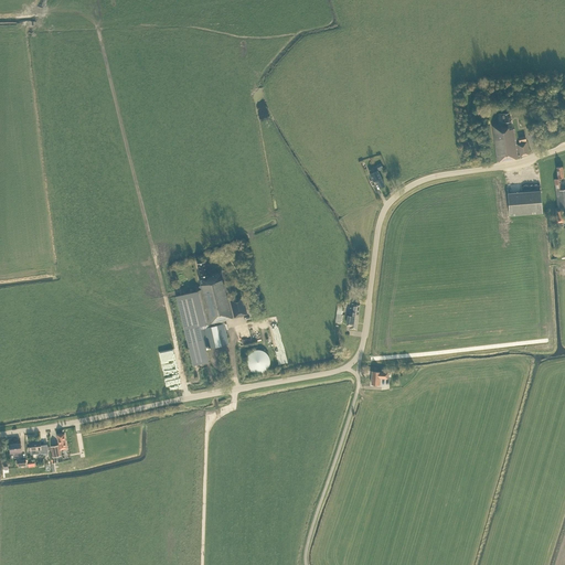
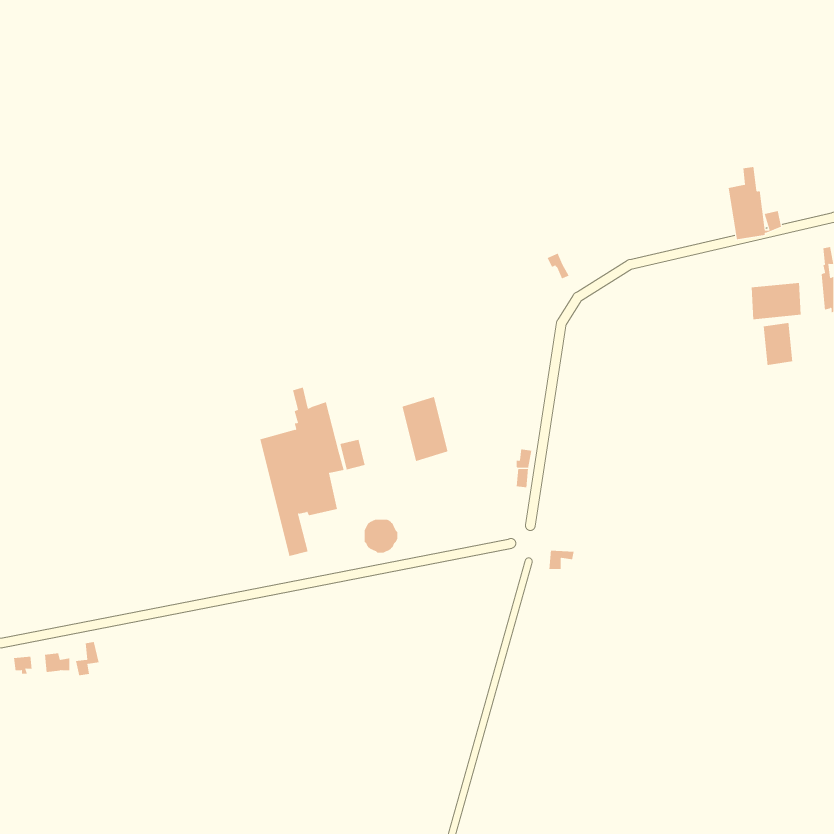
building: none -> [763,322,793,366]
building: none -> [402,396,448,462]

